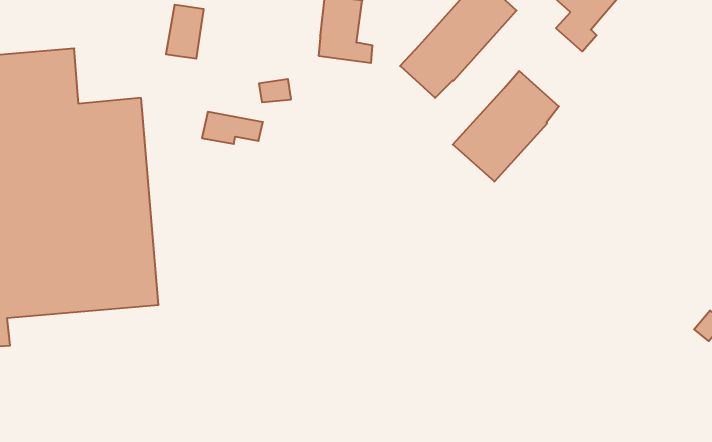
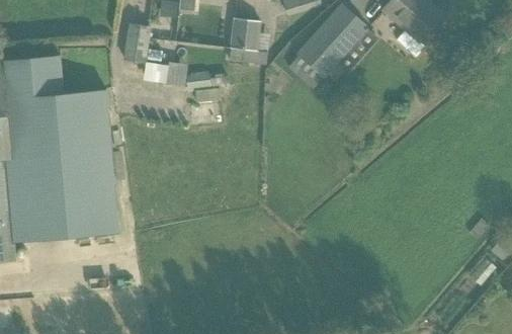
building: [453,71,559,182] -> none
building: [202,112,263,144] -> [142,61,184,83]

